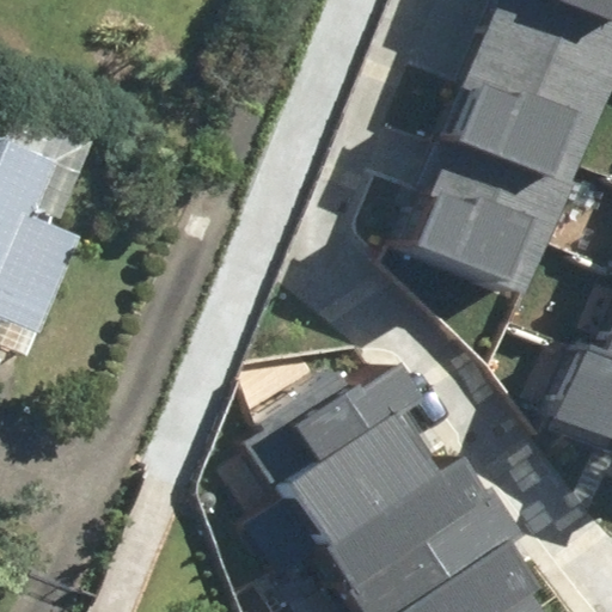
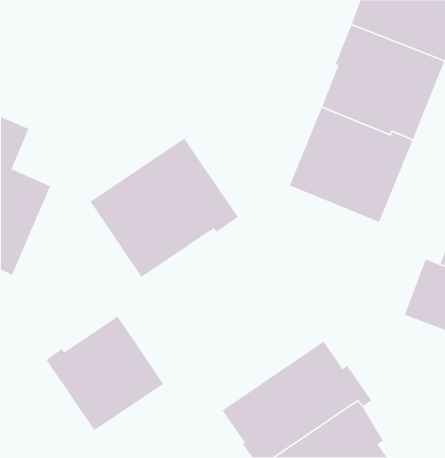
building: none -> [90,138,239,278]
building: [250,361,426,543] -> none
building: none -> [45,316,164,431]

